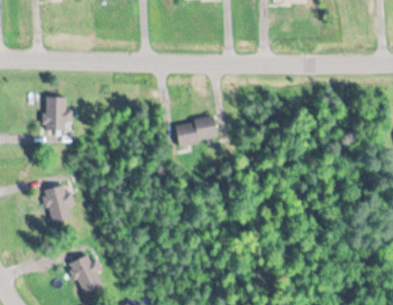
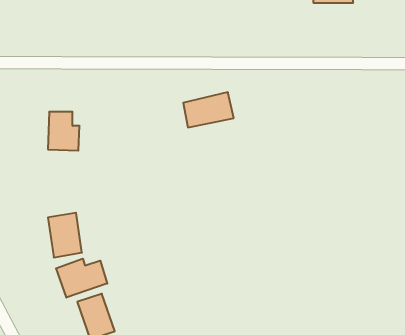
building: [175,115,218,145] -> [183,92,234,127]
building: none -> [56,259,107,298]

